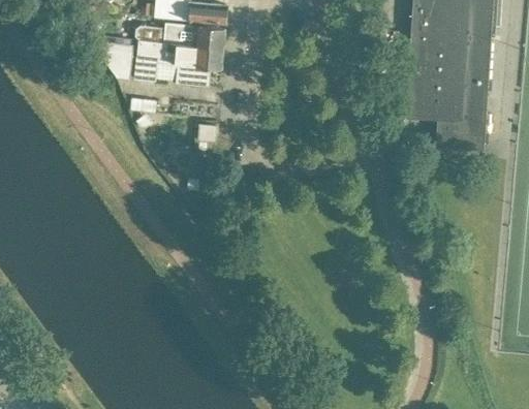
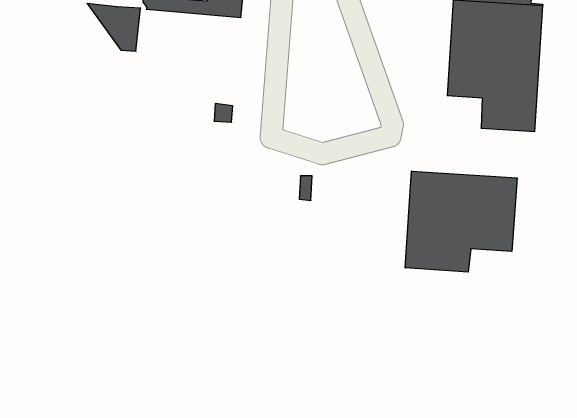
building: [133,40,223,85] -> none
building: none -> [405,171,517,272]

